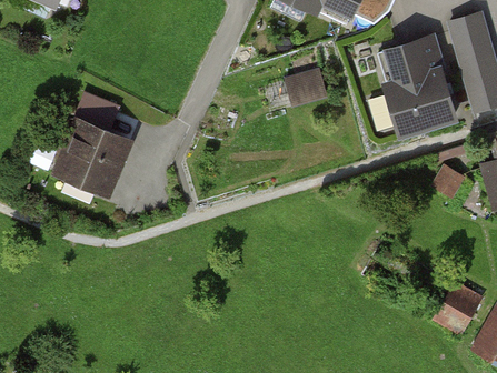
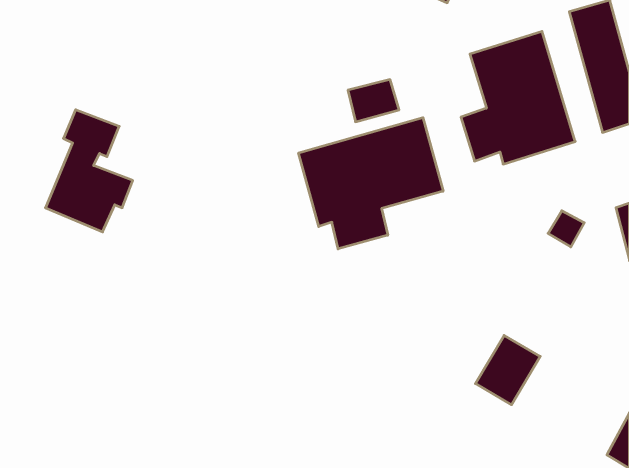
building: none -> [299,118,443,249]
building: [434,282,481,333] -> [475,335,540,405]

